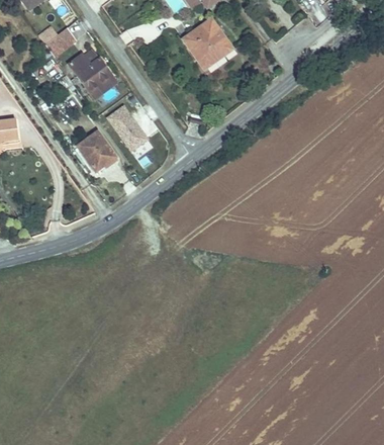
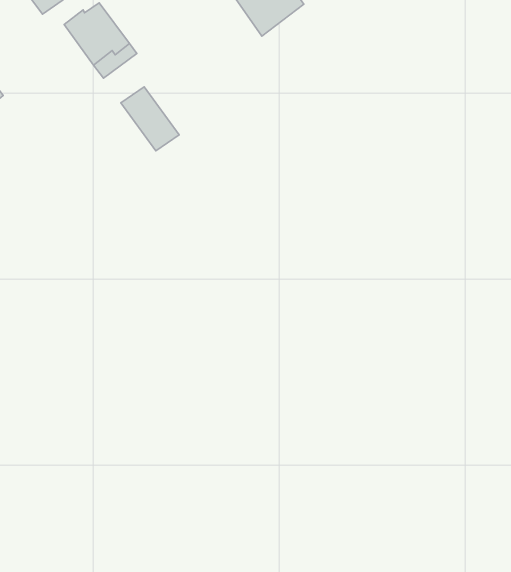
building: [77,131,113,171] -> none

